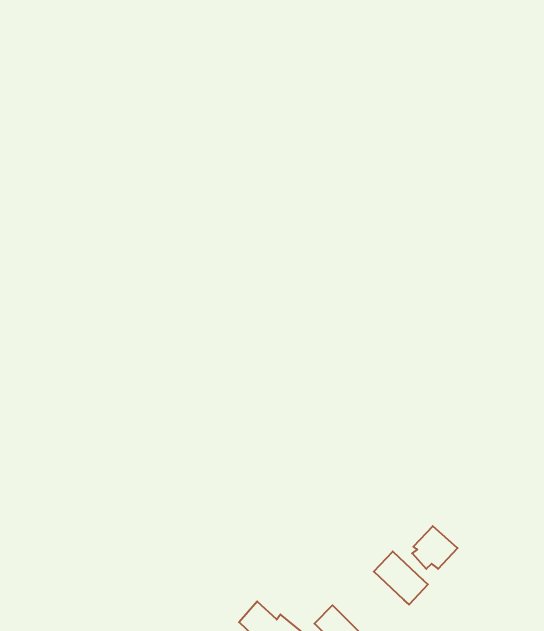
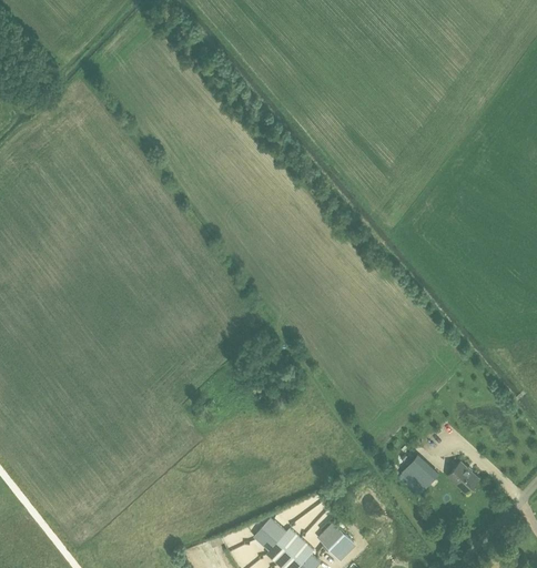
building: none -> [447,462,479,493]
building: [374,551,428,605] -> none

